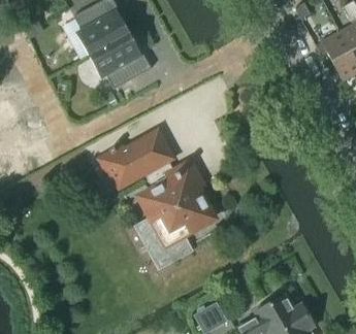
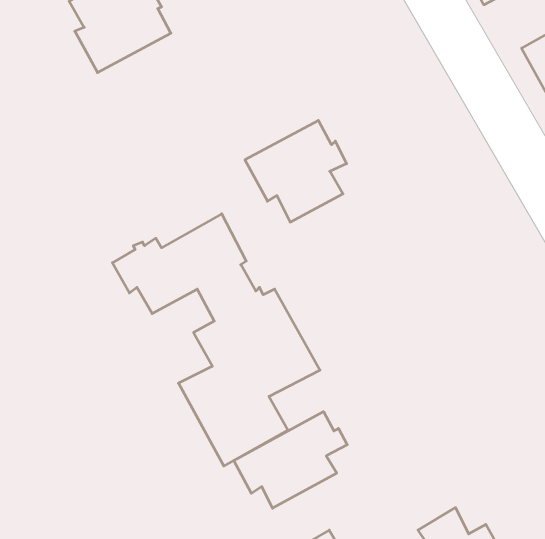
building: [89,33,144,89] -> [245,120,347,222]
building: none -> [234,412,347,508]

